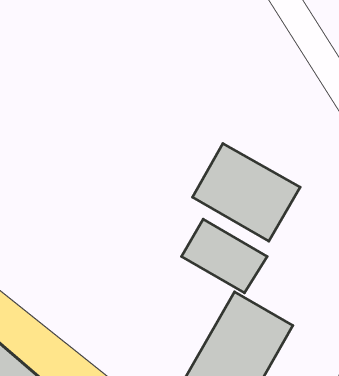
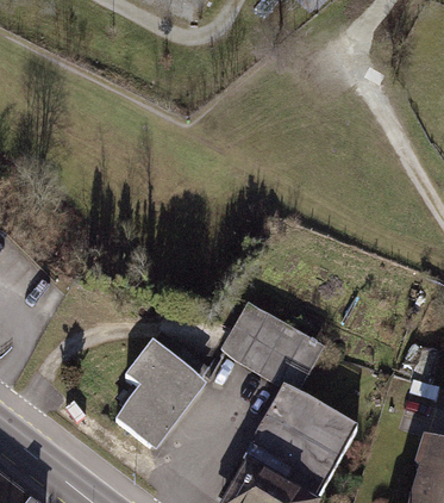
building: [192,143,300,241] -> none
building: none -> [115,339,206,447]

